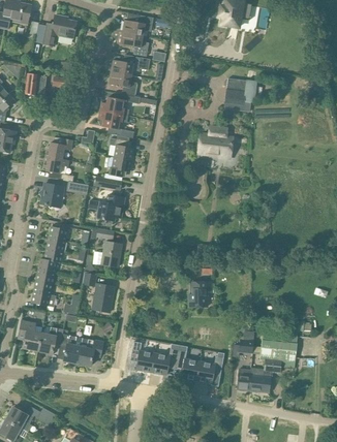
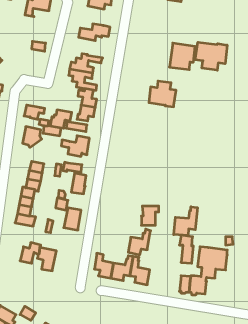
building: [120,32,149,57] -> none
building: [109,71,137,96] -> none
building: [25,73,47,96] -> none
building: none -> [195,42,227,70]
building: [45,136,72,159] -> [50,110,72,128]
building: none -> [174,207,197,236]
building: [19,320,41,350] -> none
building: [78,338,102,366] -> none
building: [196,351,224,383] -> [128,229,151,255]

